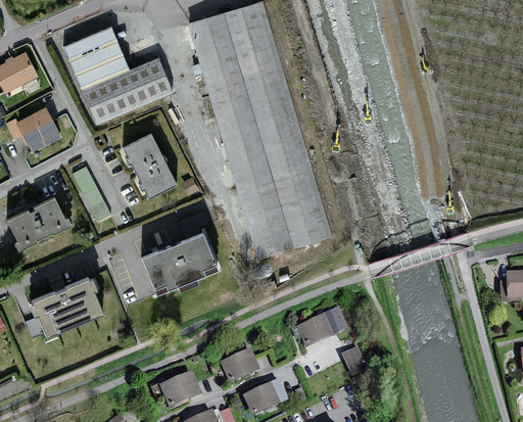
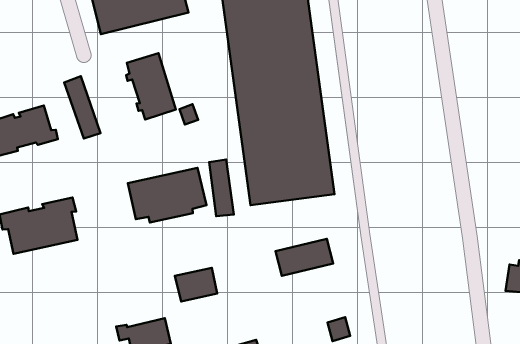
building: [14,106,59,146] -> none
building: none -> [209,160,234,216]
building: [295,309,349,348] -> [275,239,333,276]
building: [219,349,259,384] -> [175,268,217,301]

